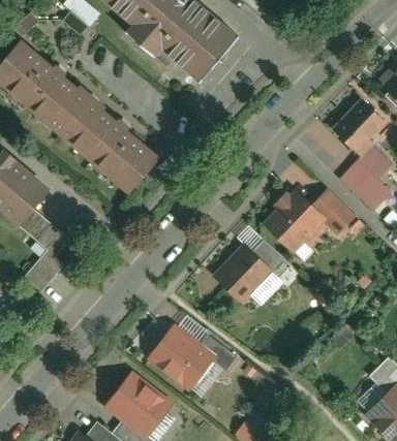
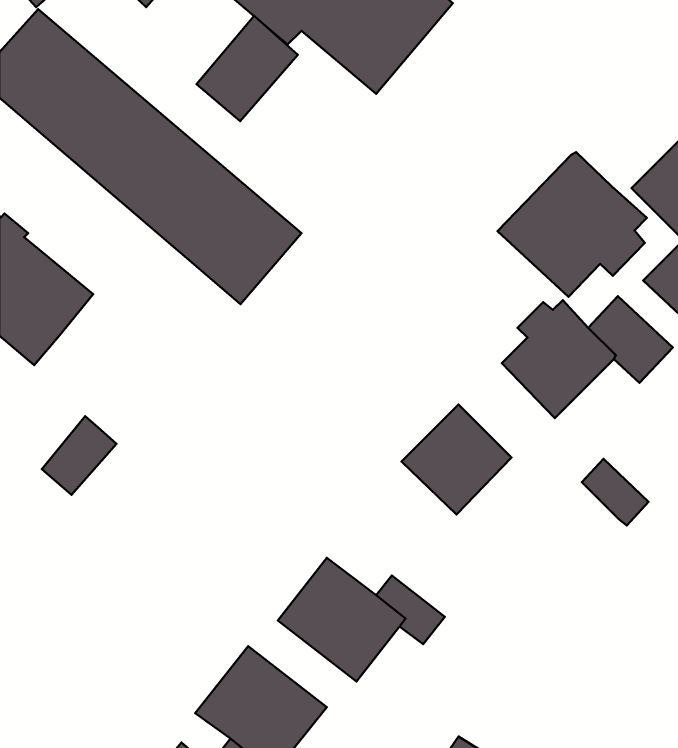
building: none -> [196,16,298,121]
building: none -> [498,152,647,297]
building: [17,209,69,258] -> none
building: [250,241,285,276] -> [582,459,649,526]

